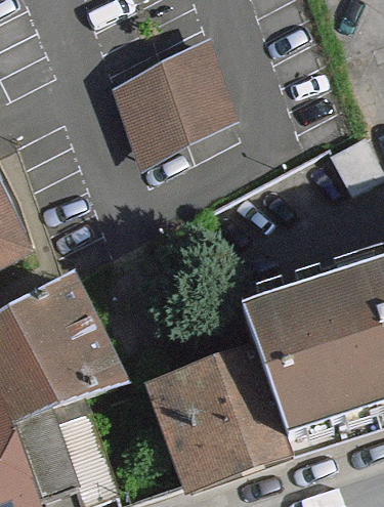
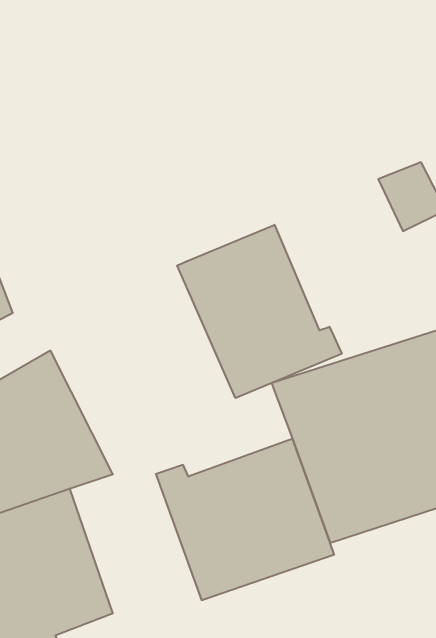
building: [115,46,230,151] -> none
building: none -> [177,225,342,398]

